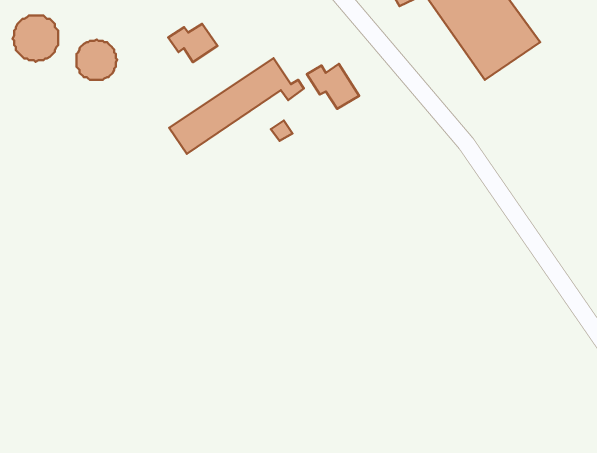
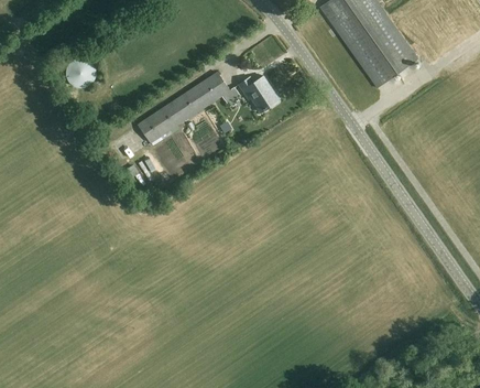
building: [13,16,58,62] -> none
building: [168,24,218,62] -> none

